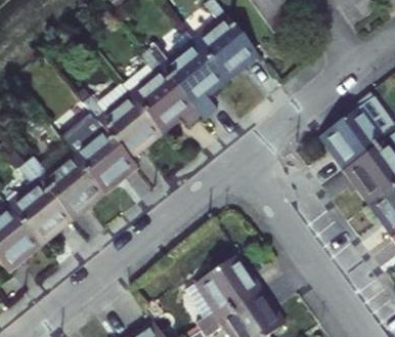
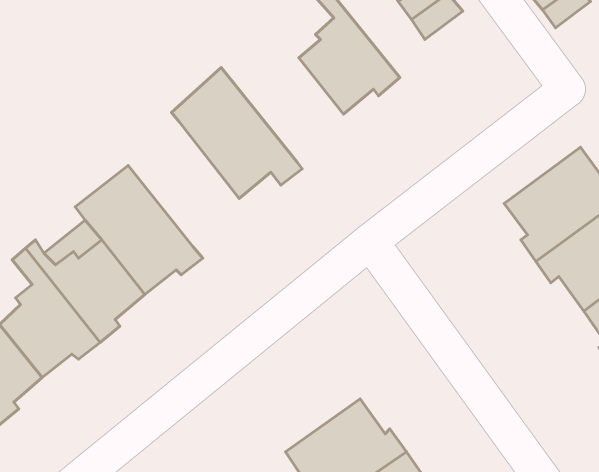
building: [148,33,224,110] -> none
building: [85,85,160,162] -> none

